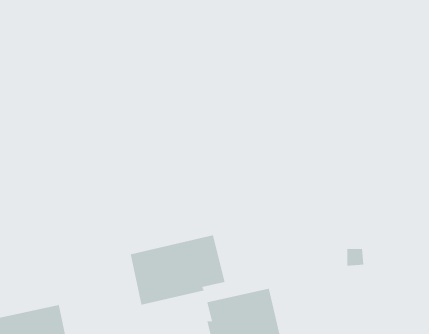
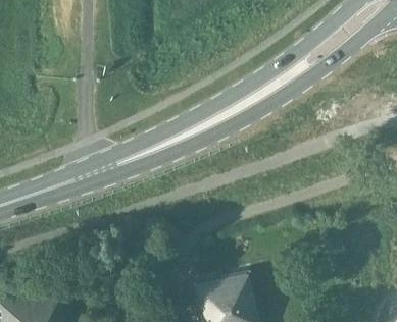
building: [130,234,225,305] -> none

